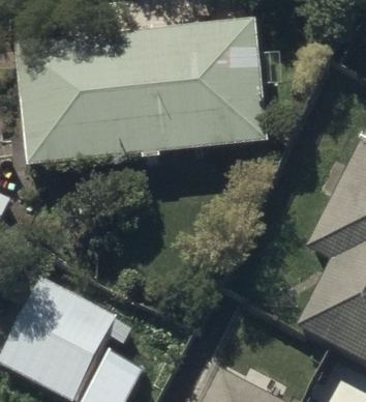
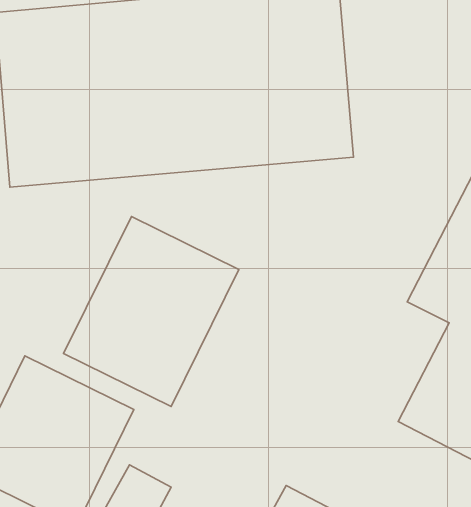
building: none -> [64,216,239,407]

